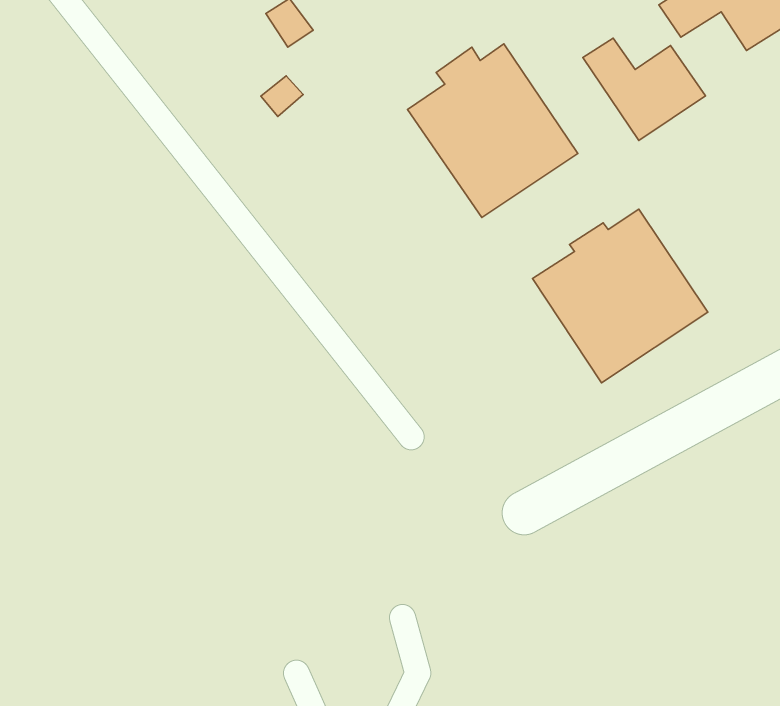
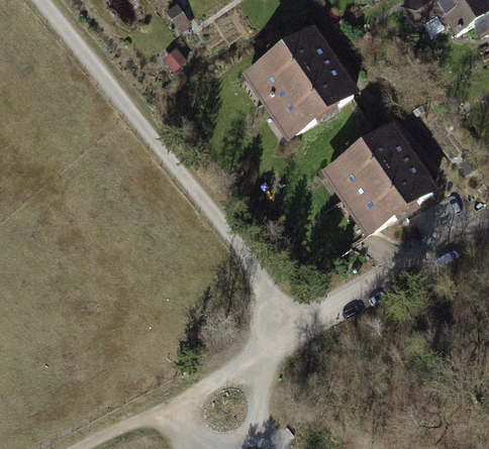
building: [583,38,705,140] -> none

